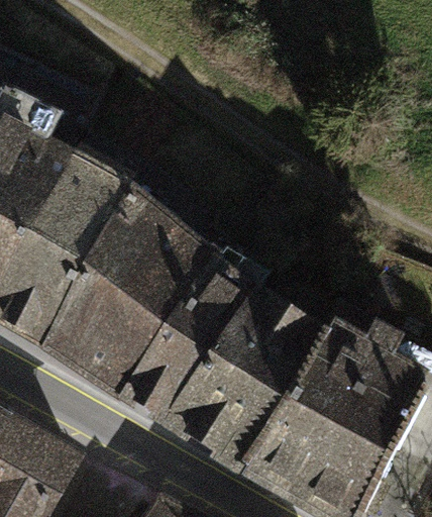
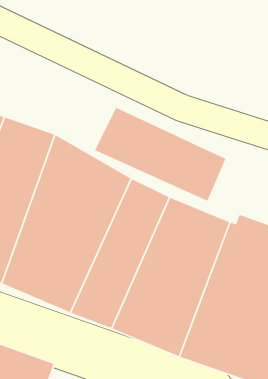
building: none -> [94,107,226,202]

